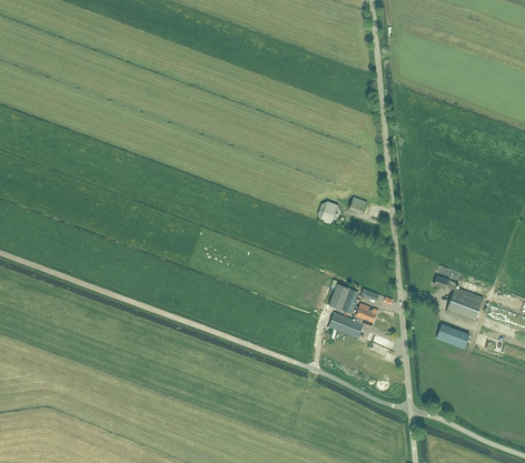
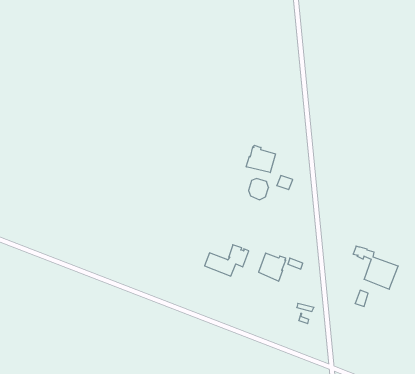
building: none -> [246,145,276,173]
building: [329,303,378,338] -> [205,245,249,276]

